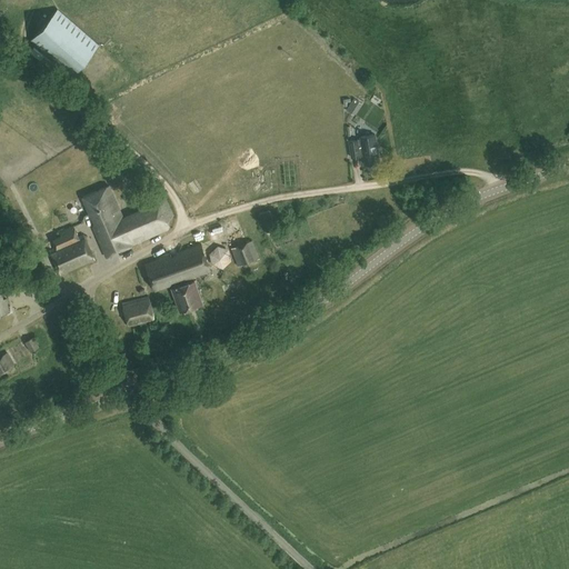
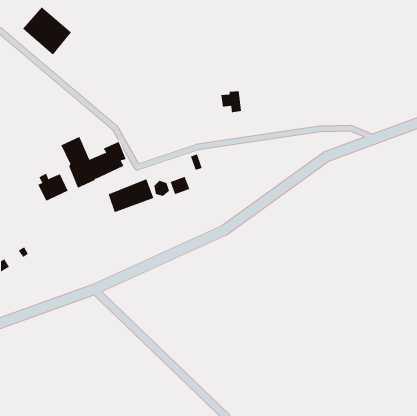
building: [349,136,378,166] -> [221,91,242,113]
building: [171,281,201,312] -> none
building: [122,297,154,327] -> none

